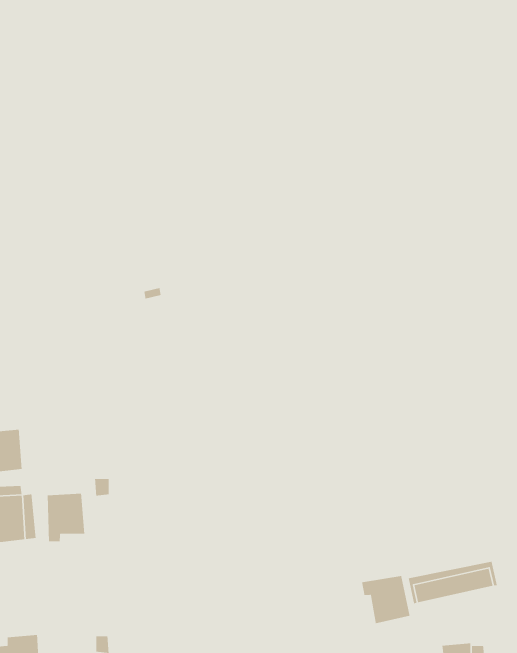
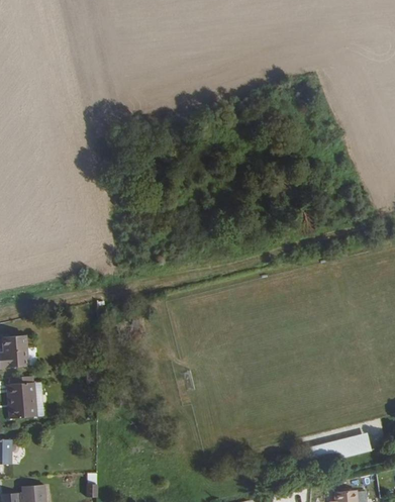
building: [47,493,85,542] -> none
building: [361,575,410,624] -> none

